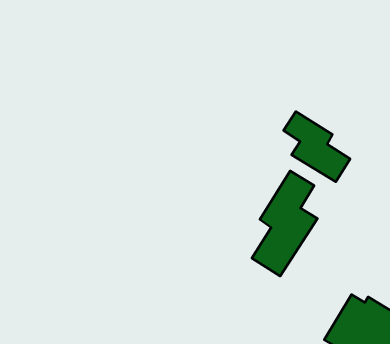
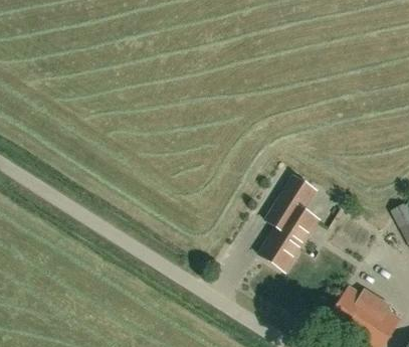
building: [284,111,350,182] -> none

